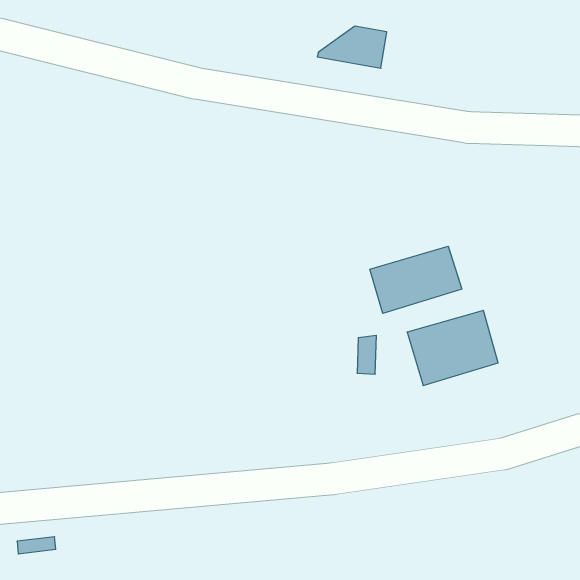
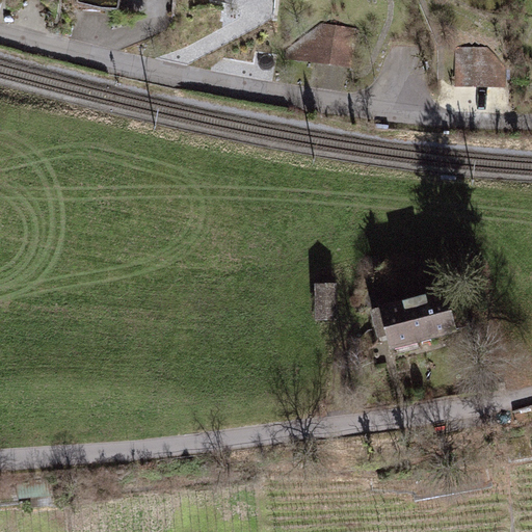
building: none -> [457,51,493,84]
building: [370,246,462,313] -> none

